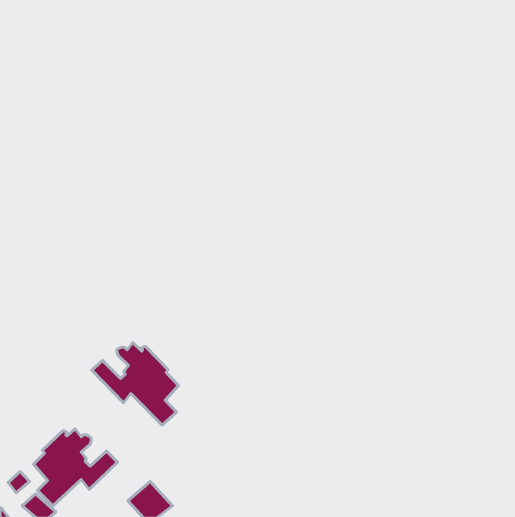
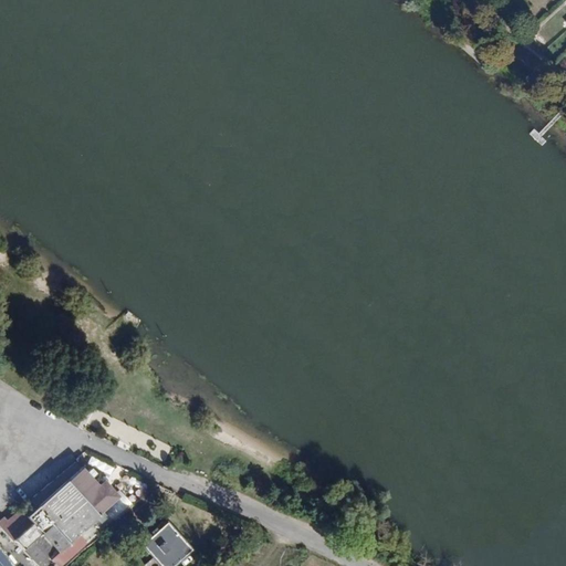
building: [92,343,178,425] -> none

